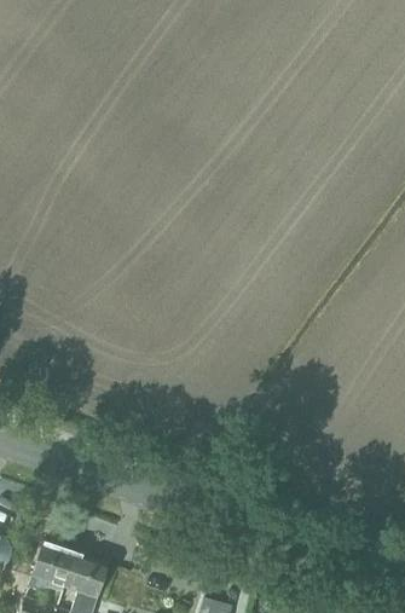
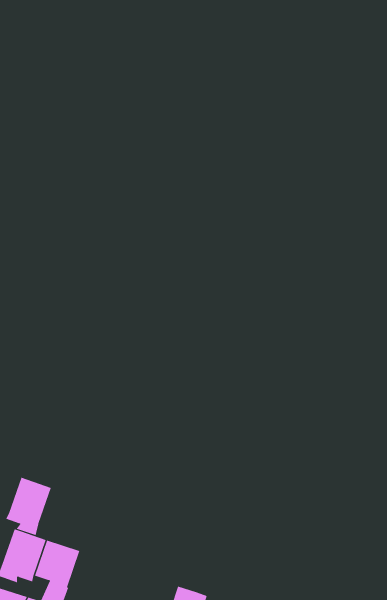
building: none -> [6,477,52,536]

